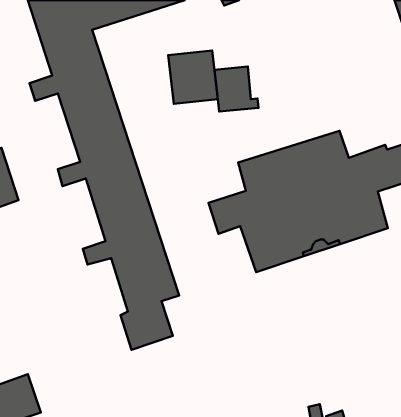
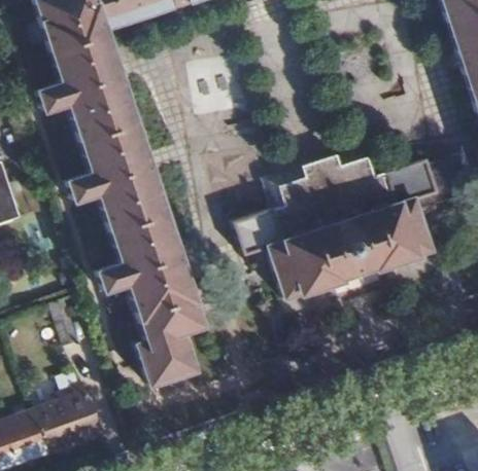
building: [214,66,258,112] -> none
building: none -> [35,385,103,454]

